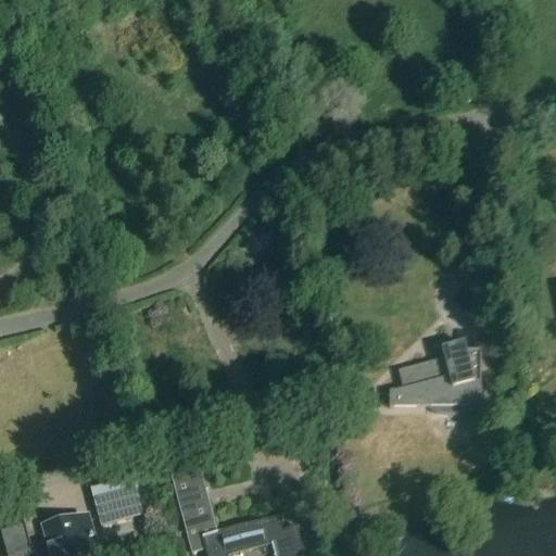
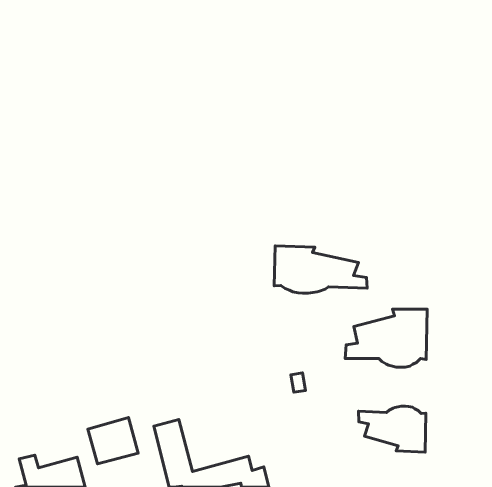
building: none -> [274,246,367,293]
building: none -> [358,406,426,452]

